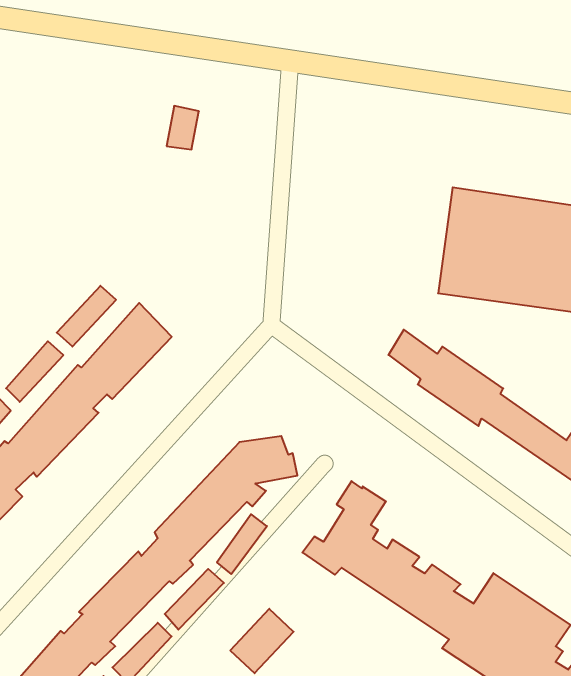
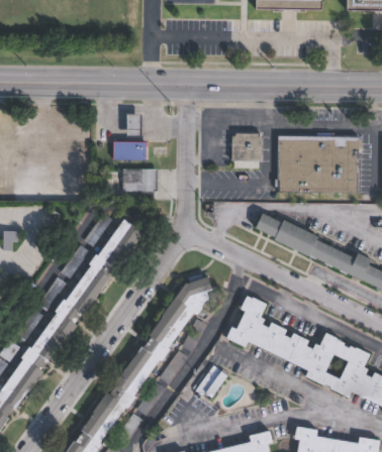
building: none -> [113,142,146,158]
building: none -> [231,136,262,161]
building: none -> [123,171,156,200]

